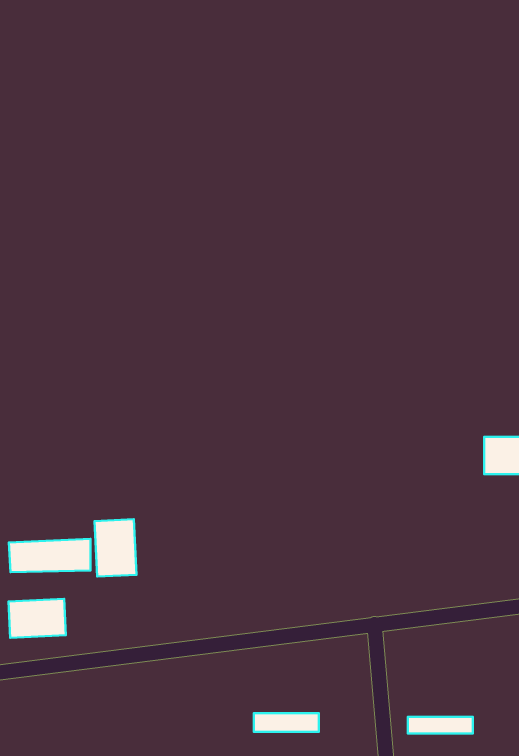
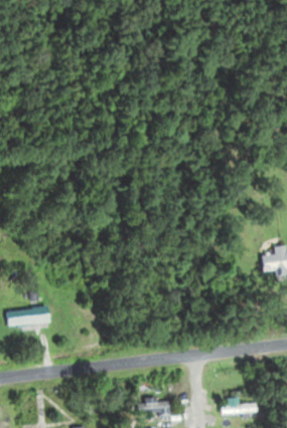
building: [95,519,136,577] -> none
building: [9,599,66,638] -> none

